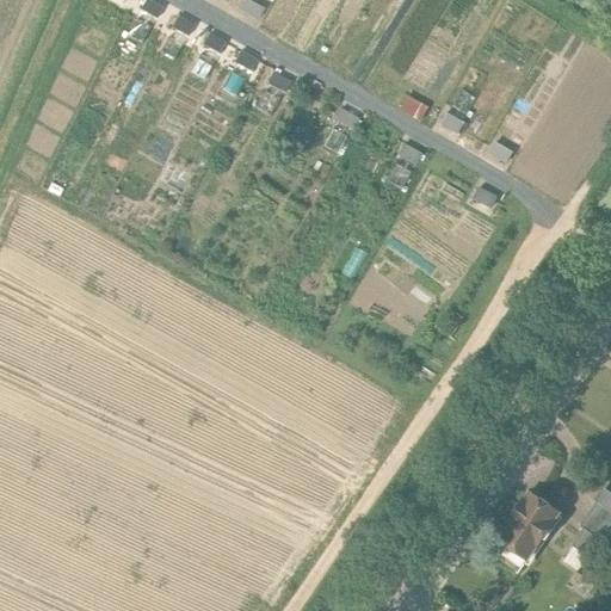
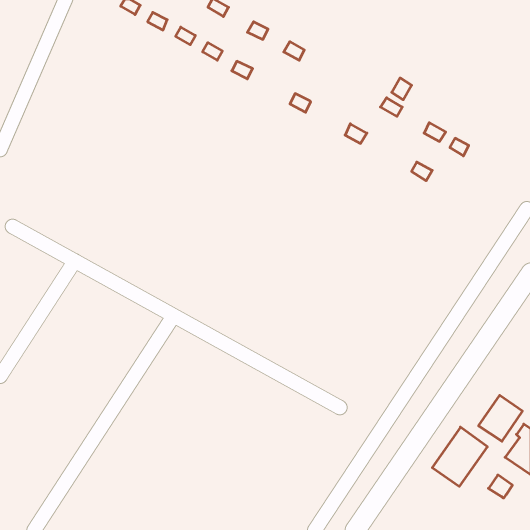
building: none -> [479,395,522,441]

